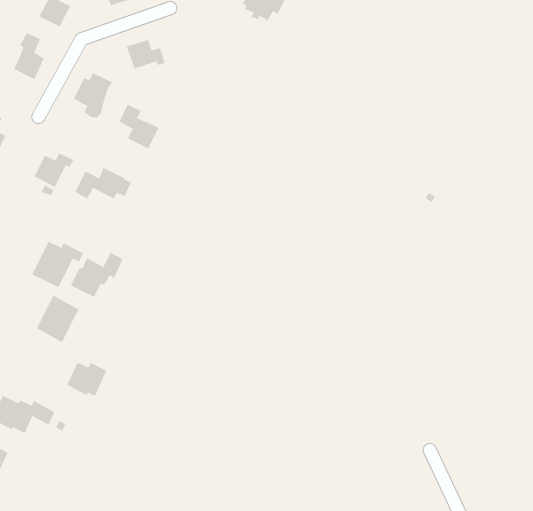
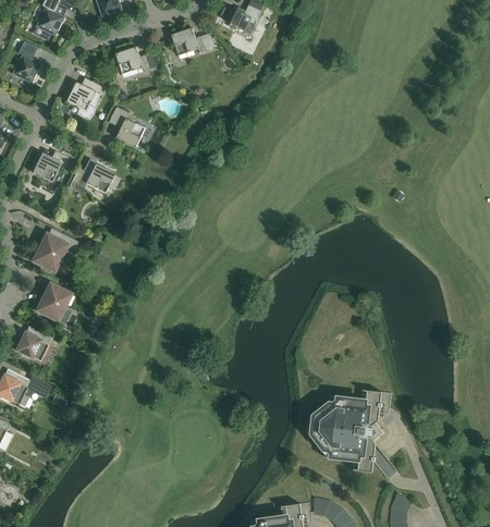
building: none -> [171,27,215,56]
building: [70,252,123,298] -> none
building: [67,362,107,397] -> [14,330,51,361]
building: none -> [306,389,391,471]

